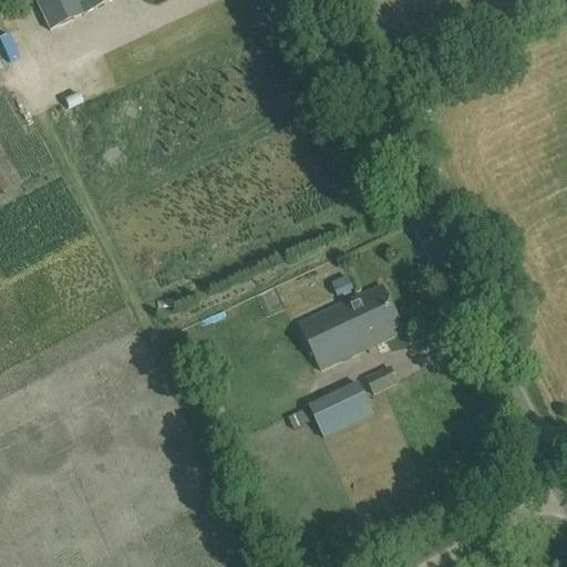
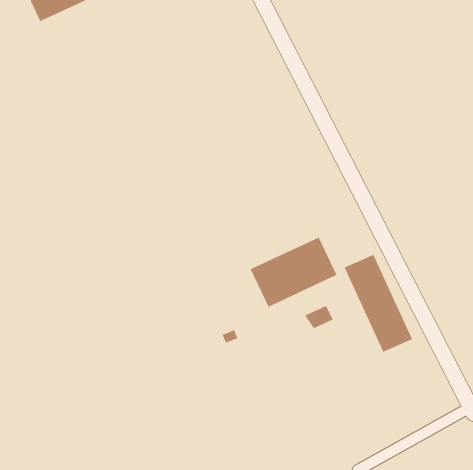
building: none -> [344,254,413,353]
building: [309,381,374,436] -> none

